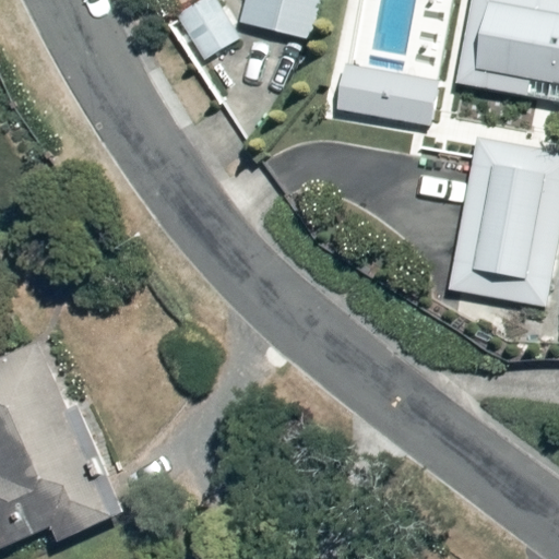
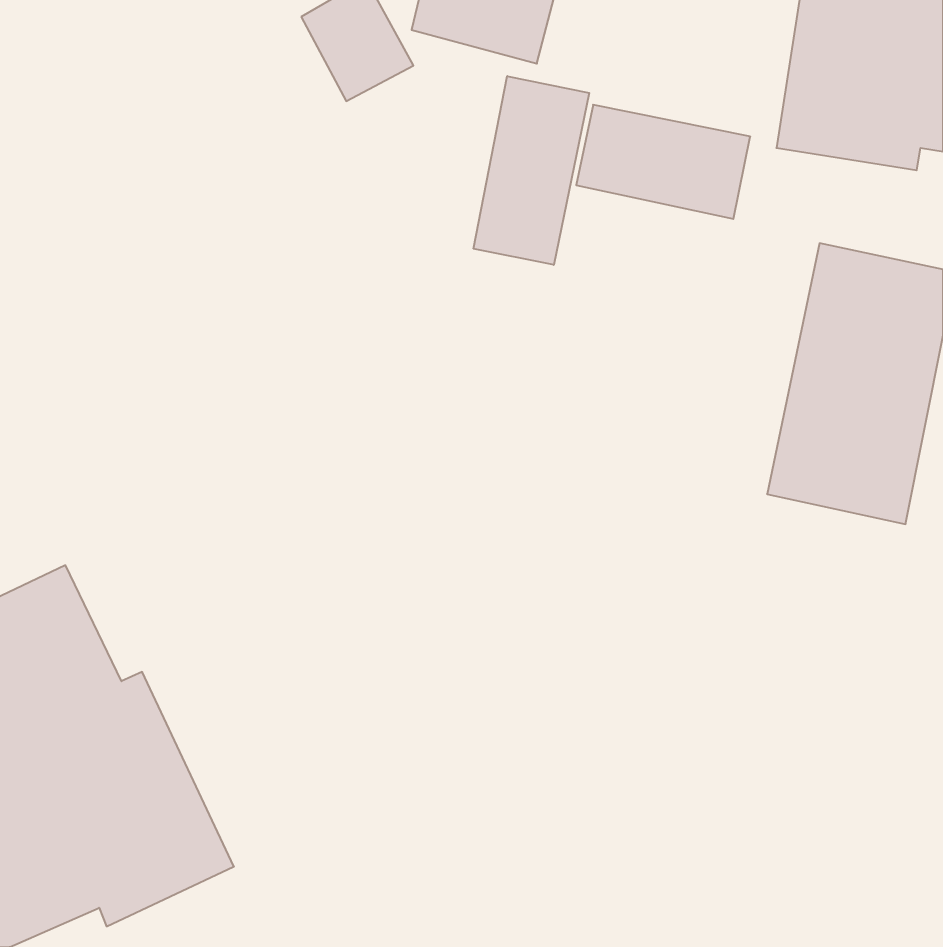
building: none -> [474,76,589,265]

